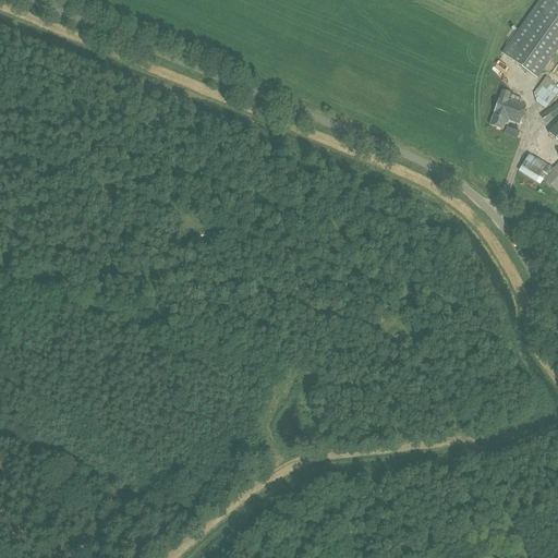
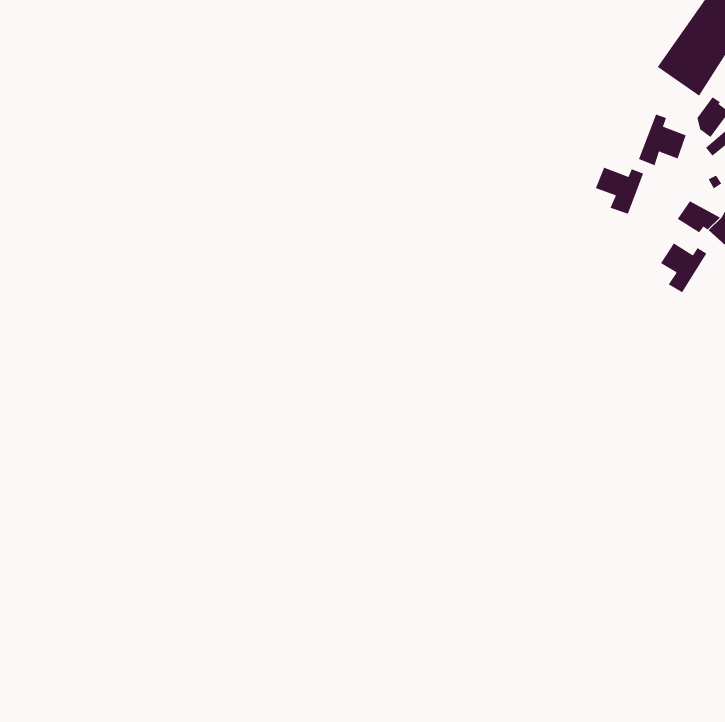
building: none -> [595,167,644,214]
building: none -> [660,243,707,293]

